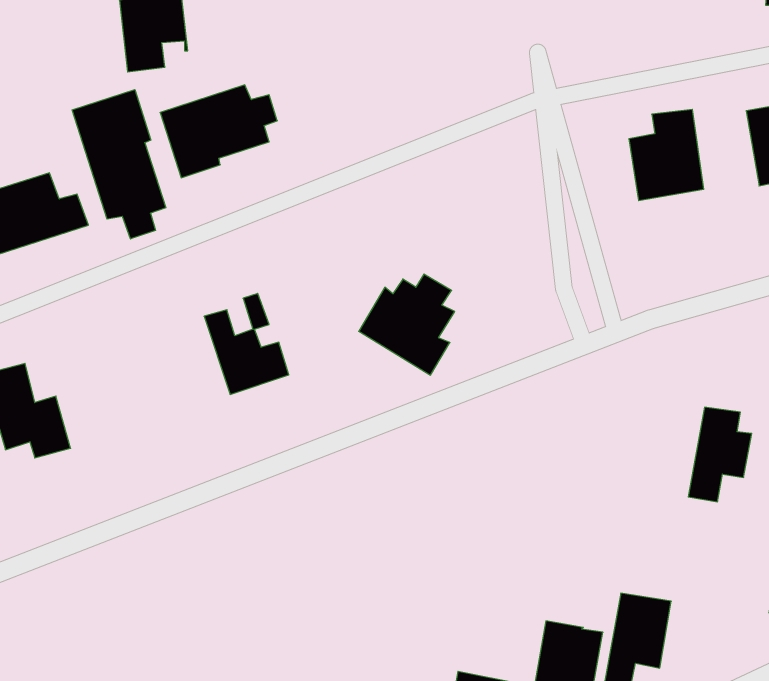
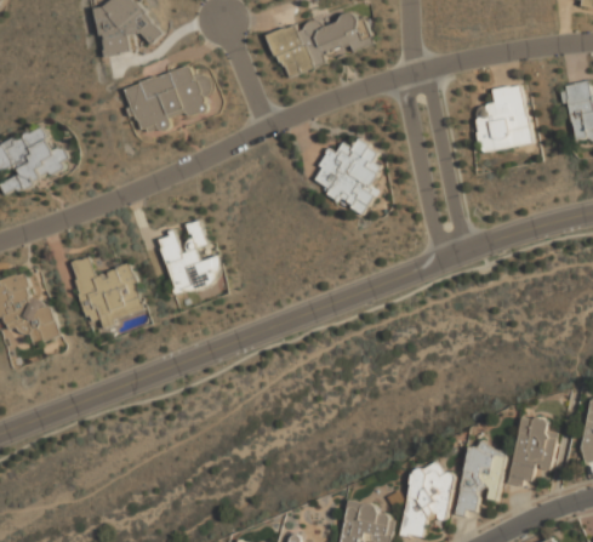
building: none -> [268,12,372,78]
building: [72,90,166,239] -> none
building: [359,274,455,375] -> [310,138,382,213]
building: none -> [73,256,143,326]
building: [688,407,752,502] -> [509,416,557,486]

